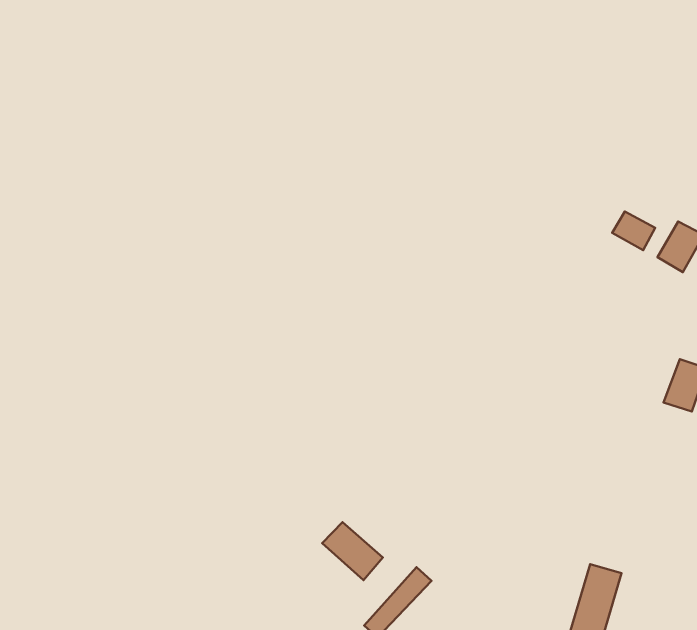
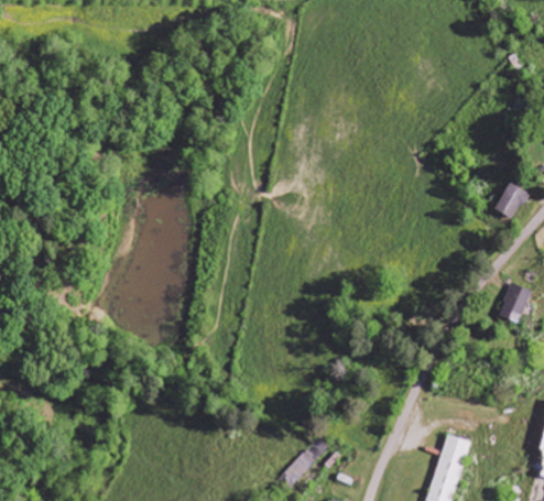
building: [612,212,655,250] -> none
building: [322,522,383,580] -> none

